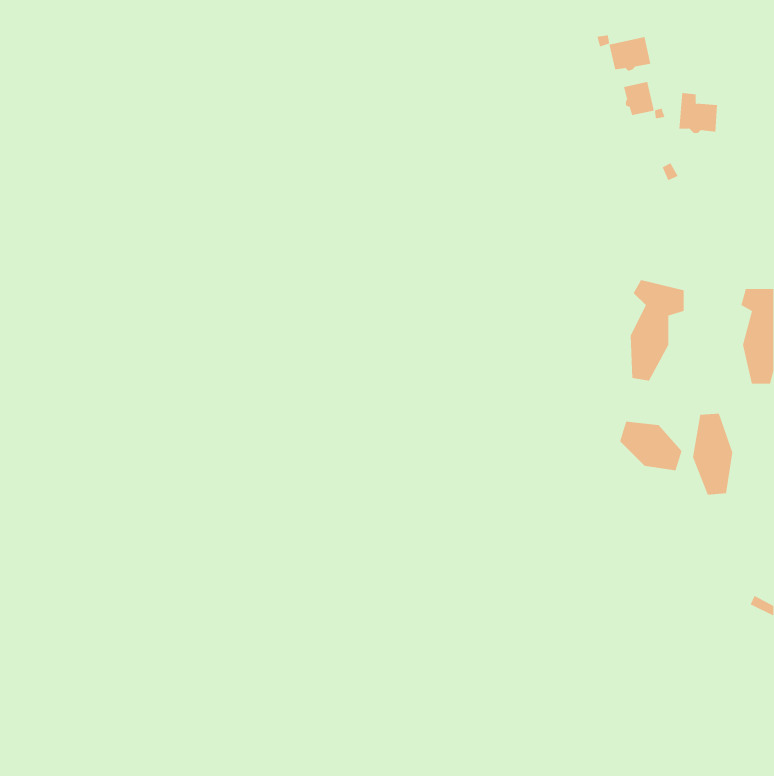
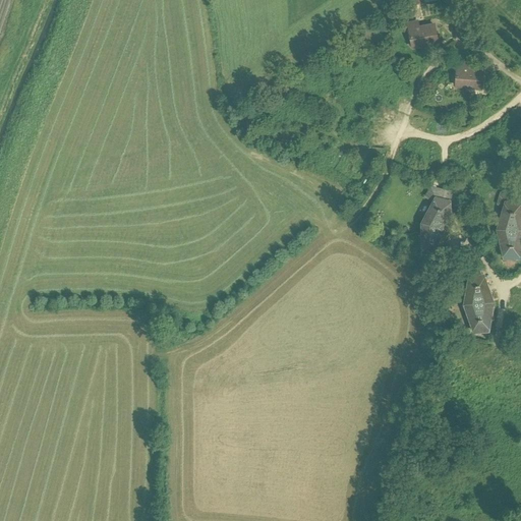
building: [624,81,665,119] -> none
building: [619,421,682,471] -> none

